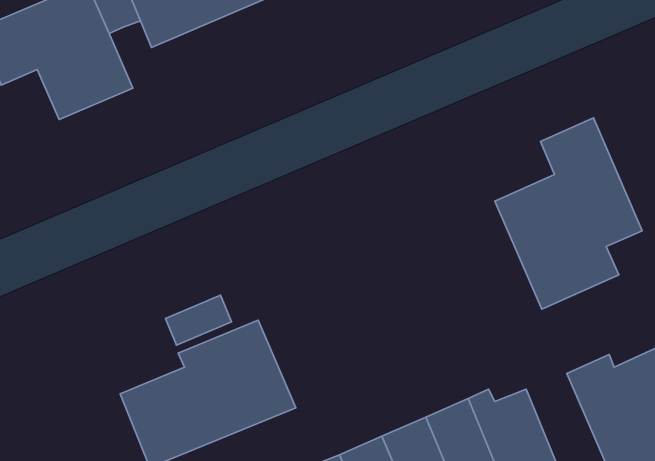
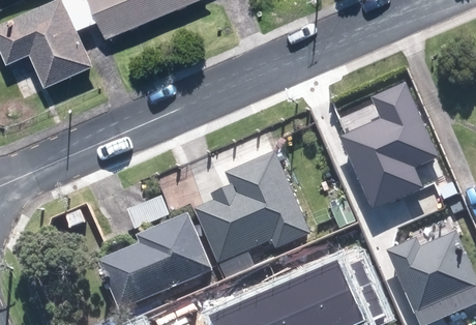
building: none -> [192,153,307,264]

